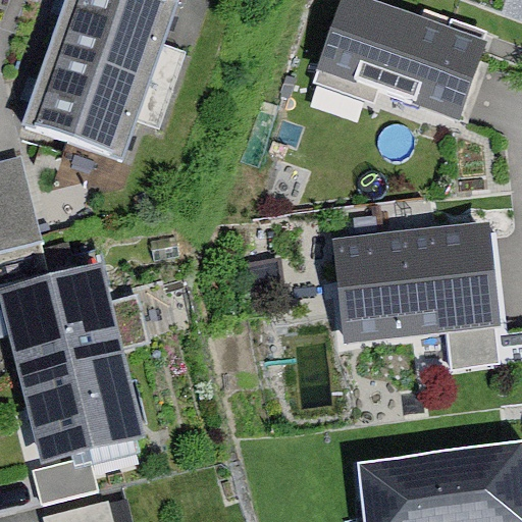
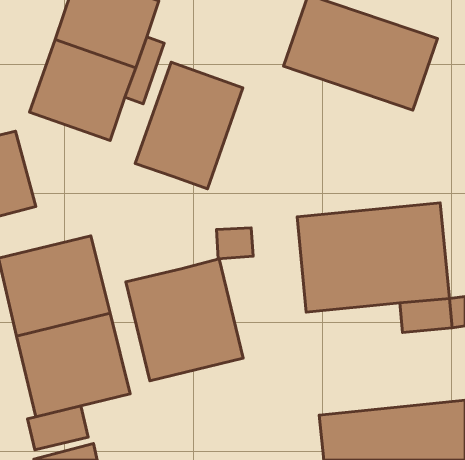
building: none -> [135,62,243,189]
building: none -> [126,259,243,381]

